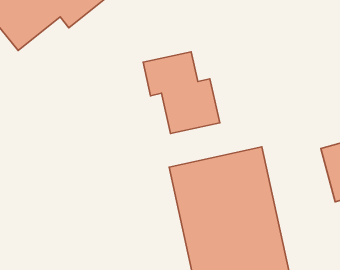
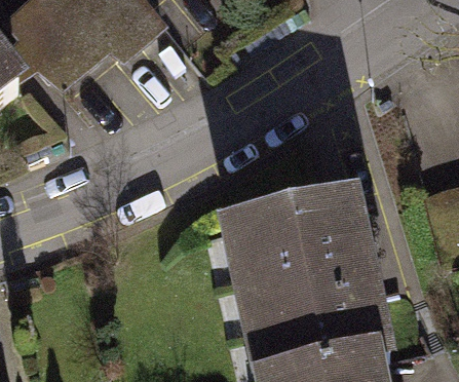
building: [143,52,220,133] -> none

